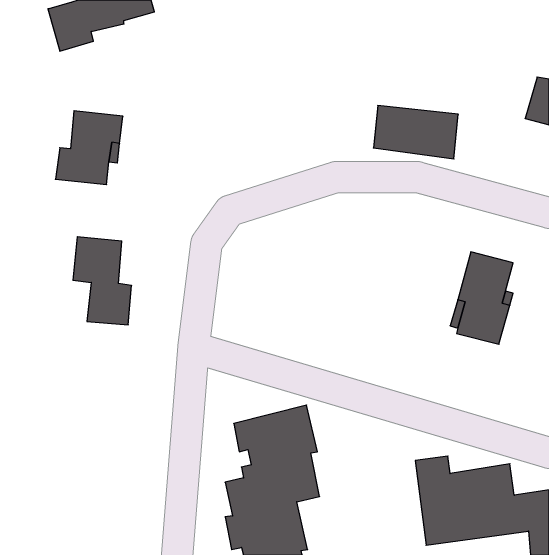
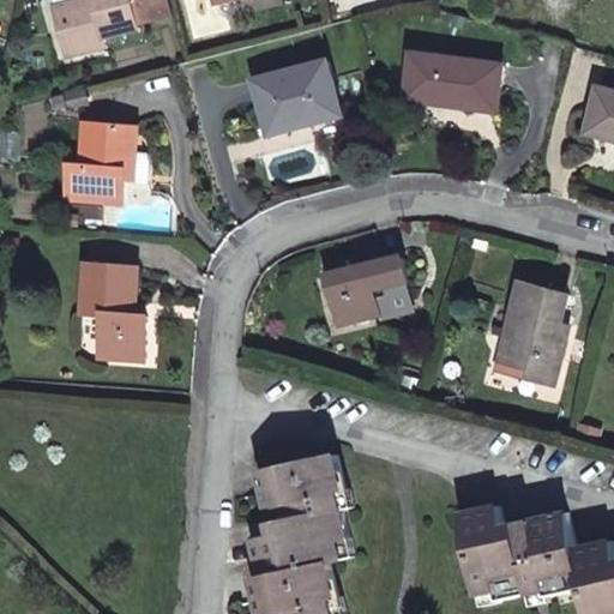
building: none -> [247,65,335,137]
building: [373,106,458,159] -> [401,54,494,113]
building: none -> [326,251,408,318]

